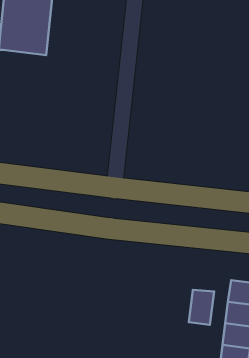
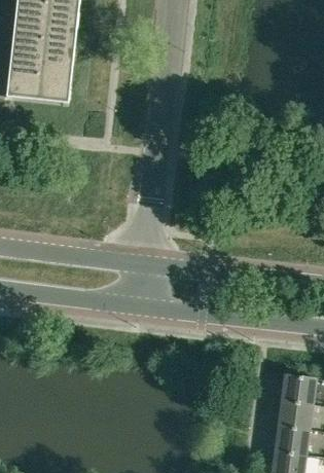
building: [189,290,214,325] -> none

